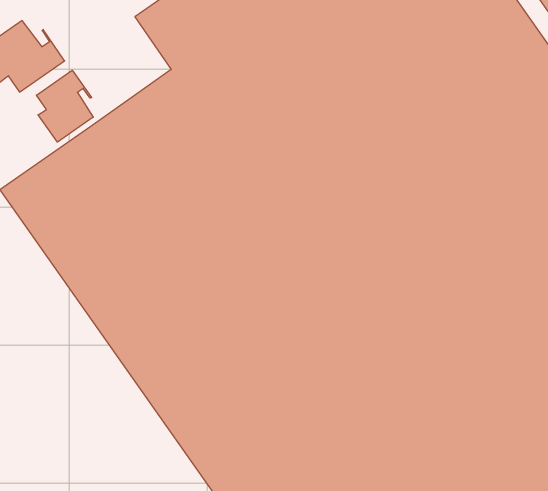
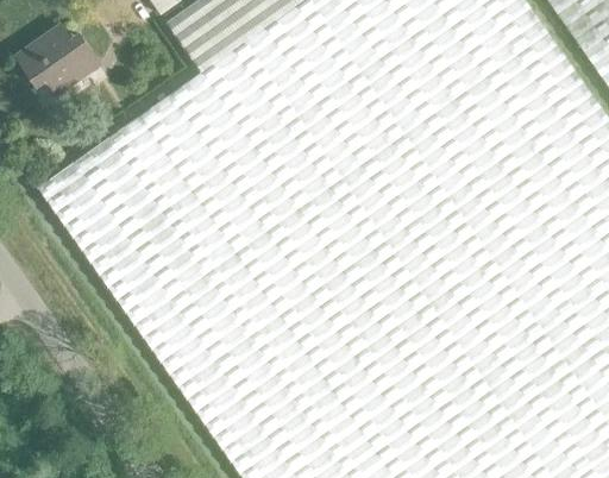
building: [36,70,93,142] -> none

